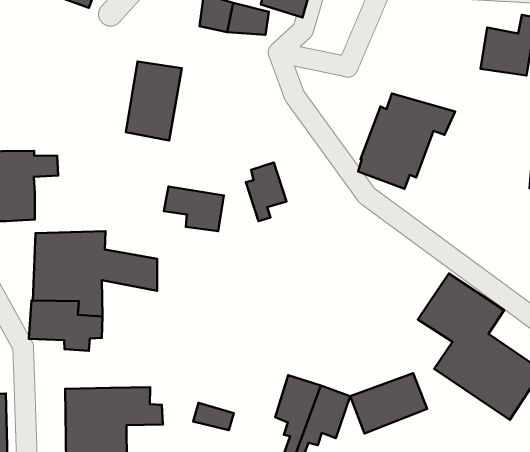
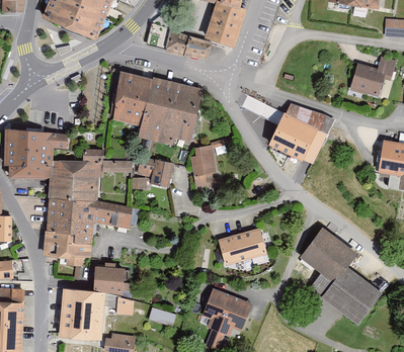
building: none -> [140,78,204,147]
building: none -> [50,148,131,185]
building: none -> [94,267,126,291]
building: [350,373,427,434] -> [218,227,268,265]

